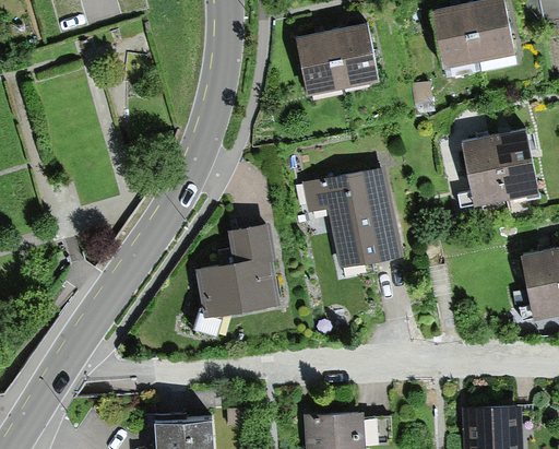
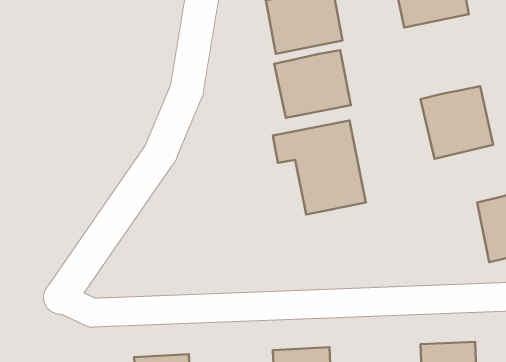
building: none -> [274,50,351,118]
building: [189,225,280,338] -> none

